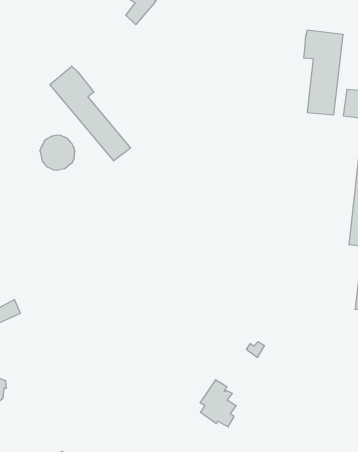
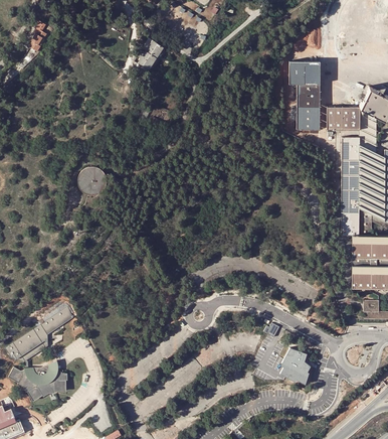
building: [50,66,131,161] -> none
building: [200,380,236,427] -> [279,345,310,384]

